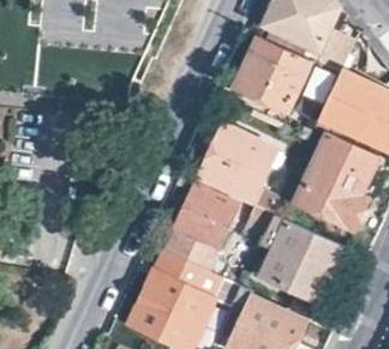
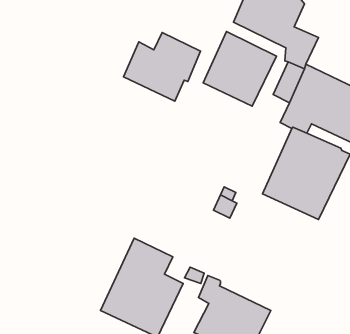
building: [197,126,276,197] -> [124,32,201,101]
building: [163,181,233,265] -> none
building: [256,212,342,301] -> none

